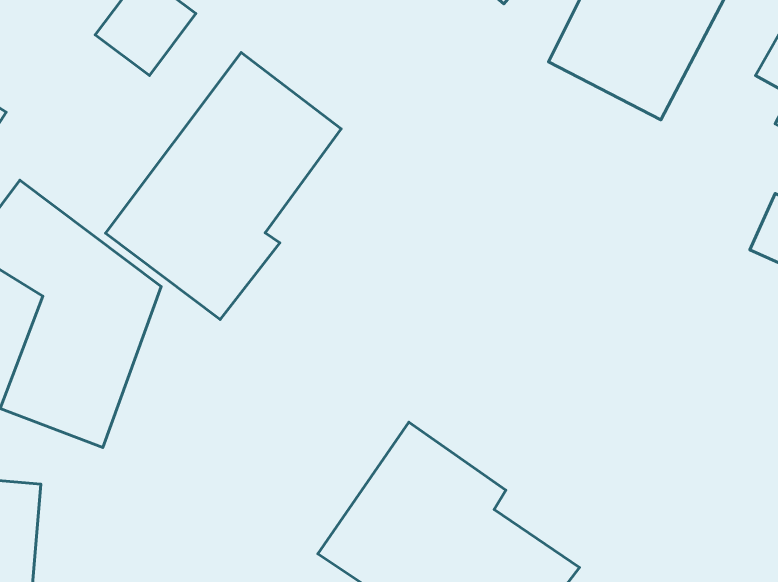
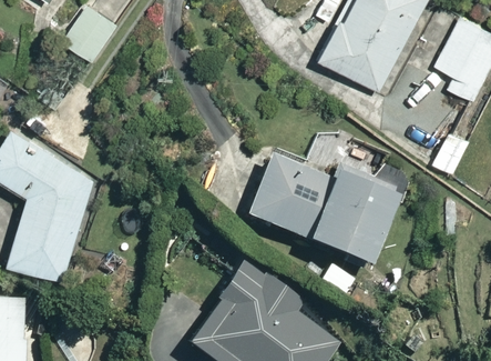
building: [106,52,341,320] -> none
building: none -> [243,154,398,267]

